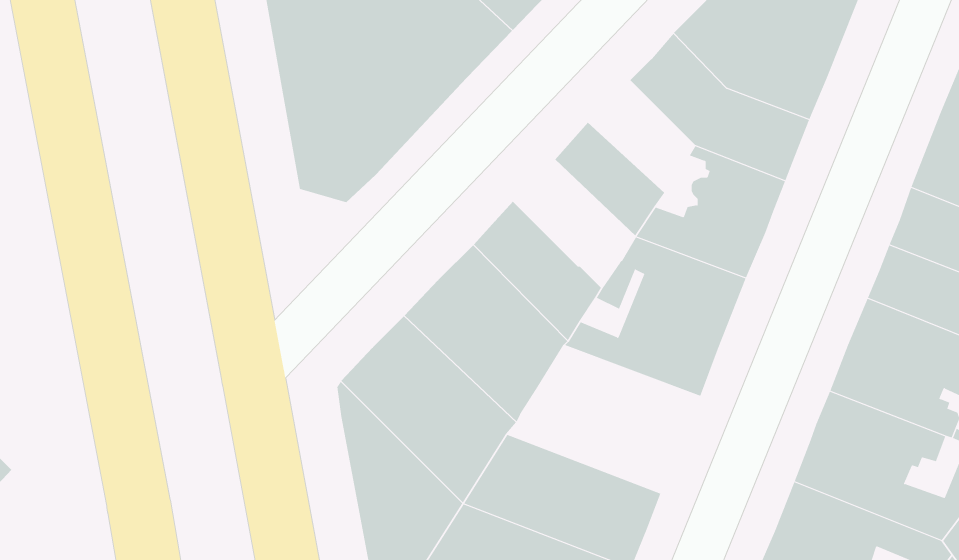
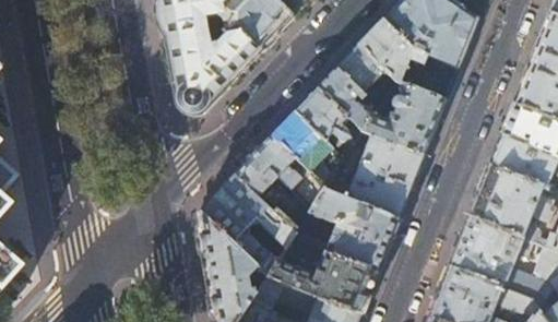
building: none -> [333,48,392,110]
building: none -> [292,92,359,151]
building: none -> [288,194,395,276]

